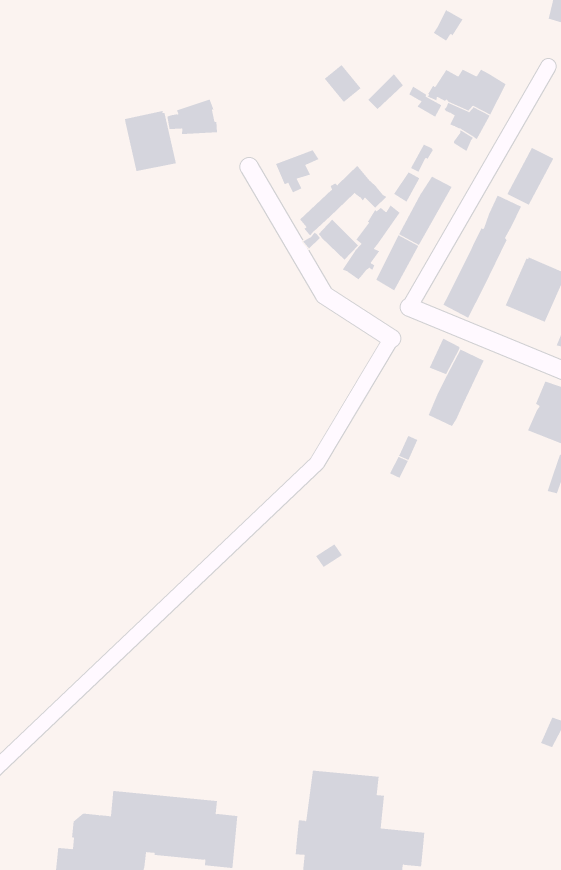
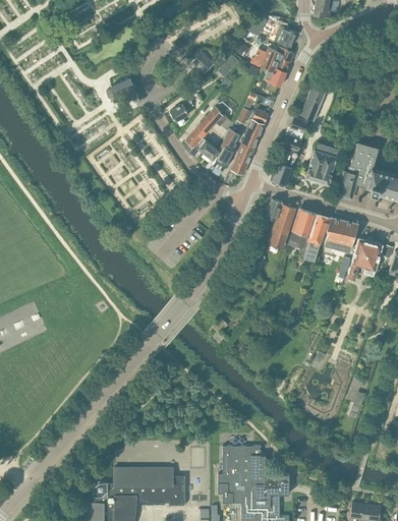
building: none -> [272,20,297,49]
building: [125,110,177,172] -> none
building: none -> [286,207,330,262]

